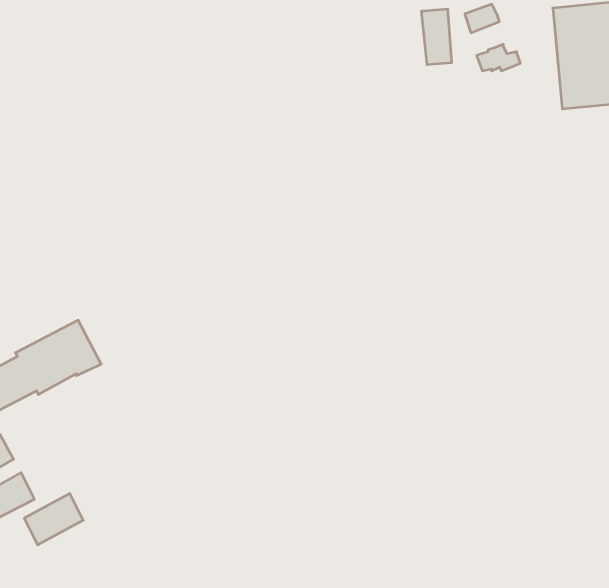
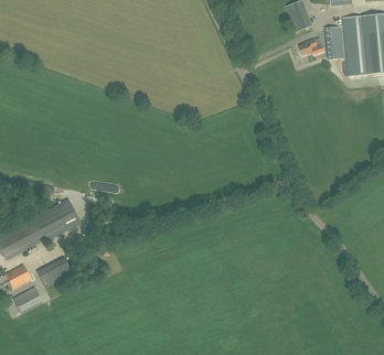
building: [421,9,452,65] -> [324,25,342,57]
building: [24,494,83,545] -> [36,256,71,286]

